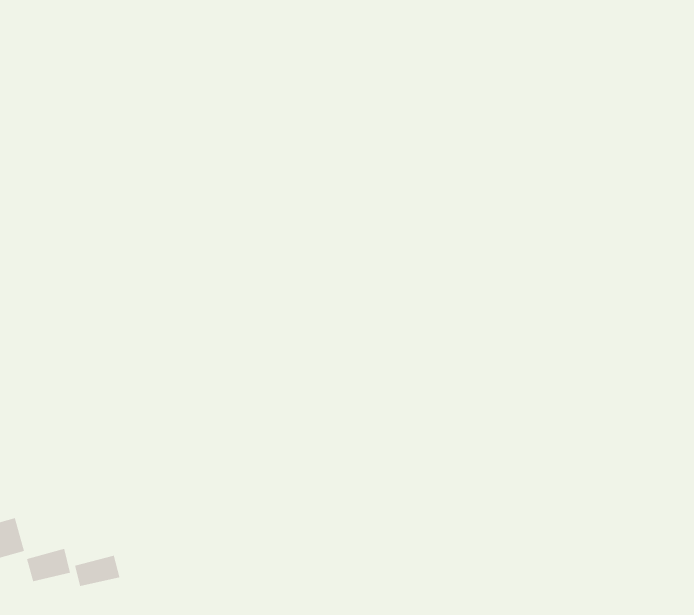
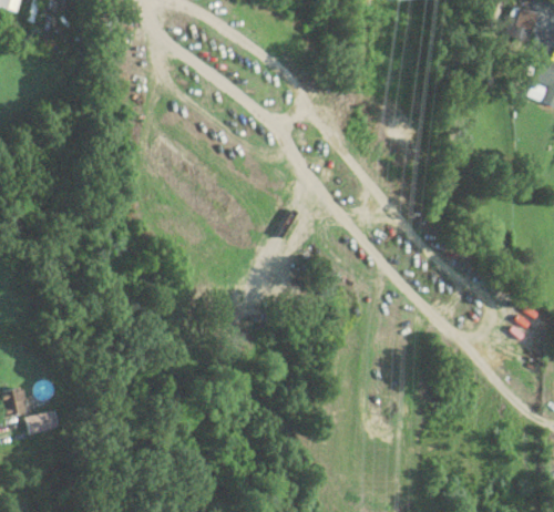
building: [75,555,120,587] -> none

